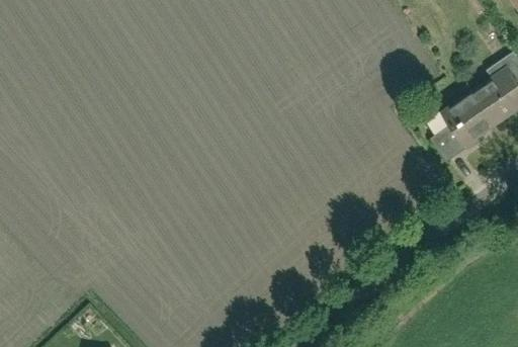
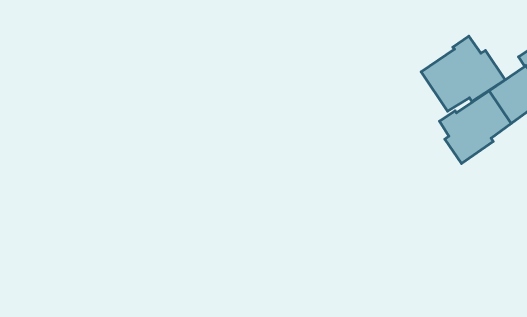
building: none -> [421,36,505,111]

